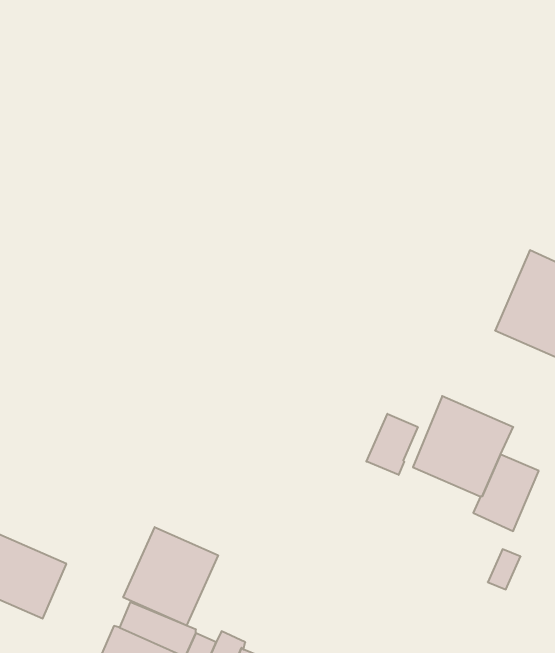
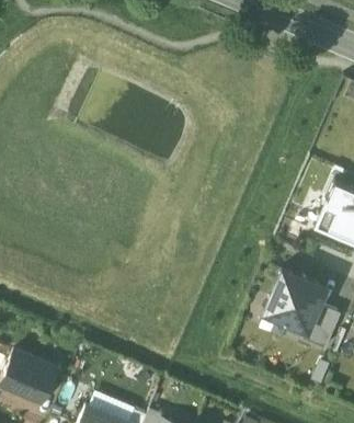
building: [366,414,418,475] -> none
building: [123,527,218,626] -> none

